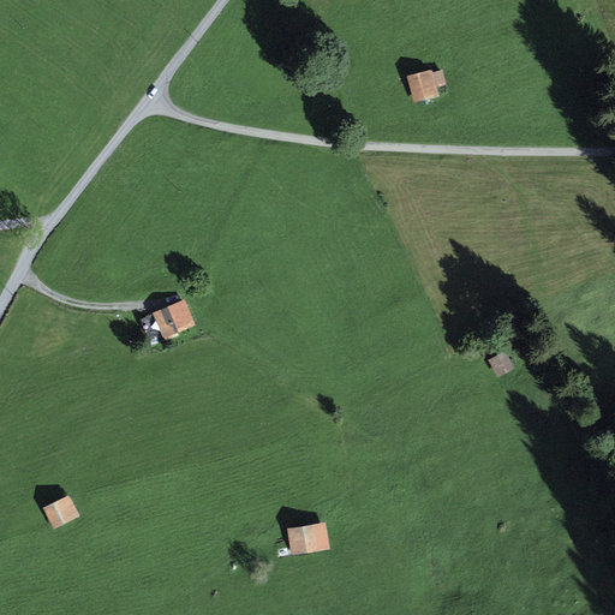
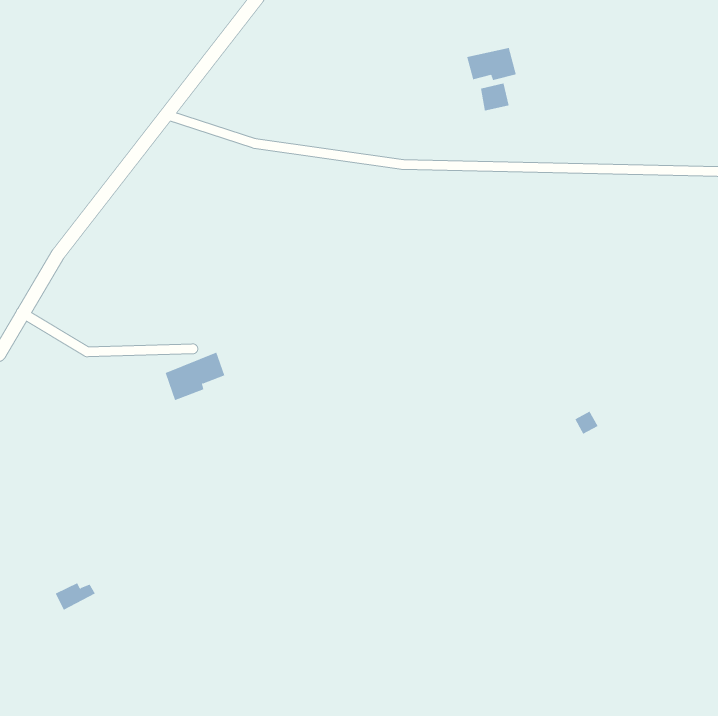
building: none -> [467,47,517,81]
building: [288,524,327,553] -> none

